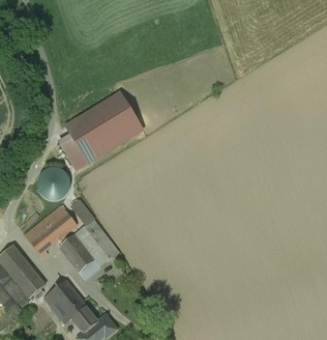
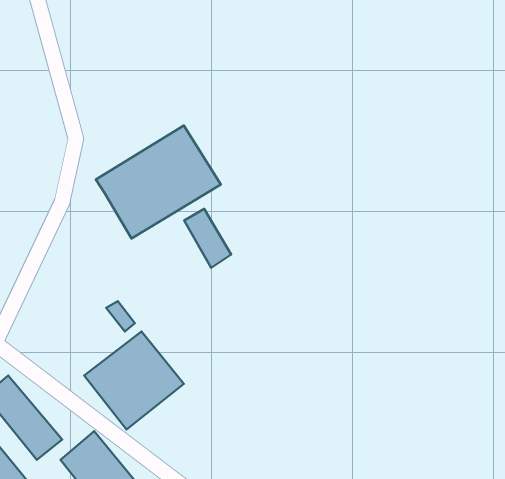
building: [59,134,88,170] -> [184,209,231,268]
building: [37,167,70,200] -> none
building: [25,204,77,253] -> none

